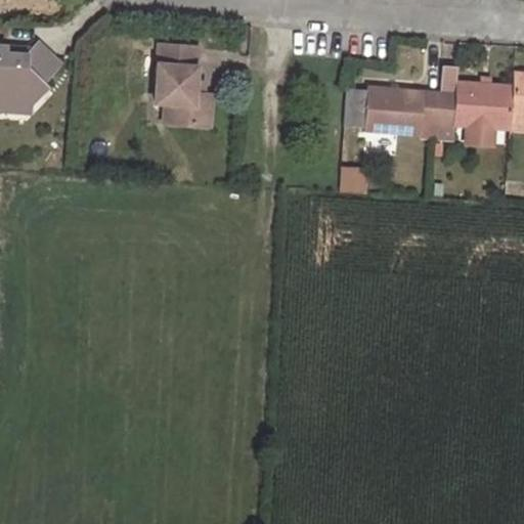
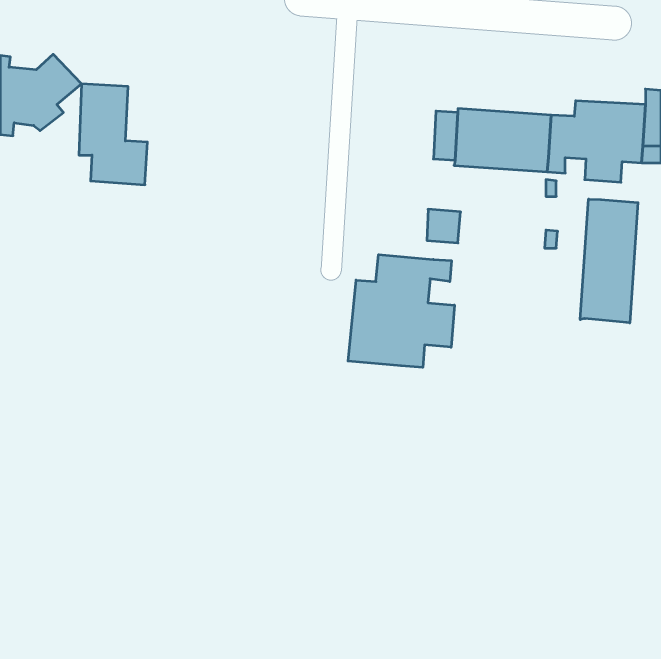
building: [161,48,215,128] -> [79,84,147,185]
building: none -> [580,199,638,323]
building: none -> [348,255,454,367]

